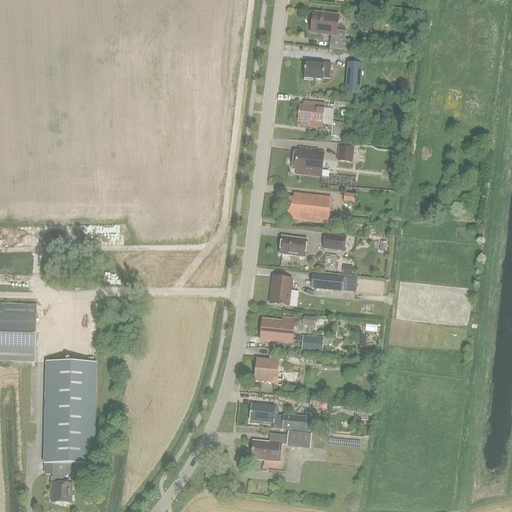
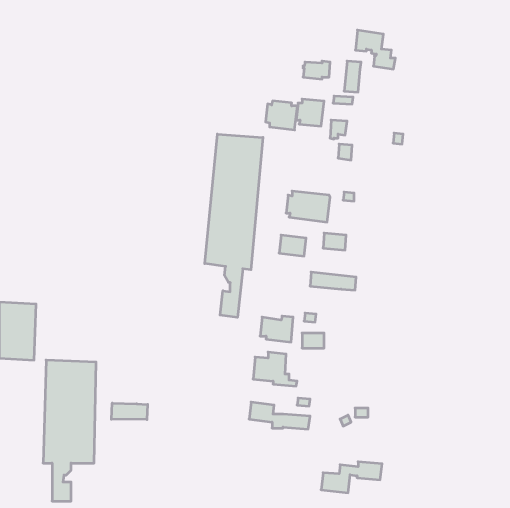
building: [310,10,350,49] -> [355,30,395,69]
building: none -> [205,134,263,317]
building: [291,146,323,175] -> [266,101,298,130]
building: [271,275,298,307] -> none
building: none -> [111,403,148,420]
building: [250,429,311,460] -> [321,462,382,493]

